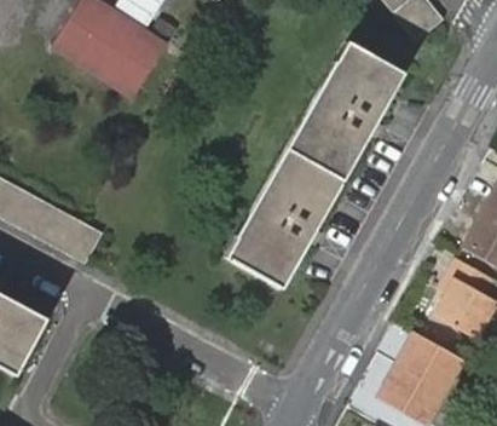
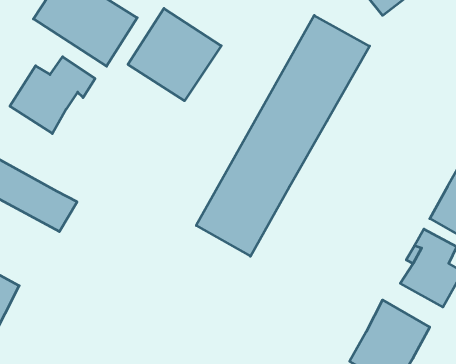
building: none -> [128,8,221,101]
building: none -> [10,57,95,134]

